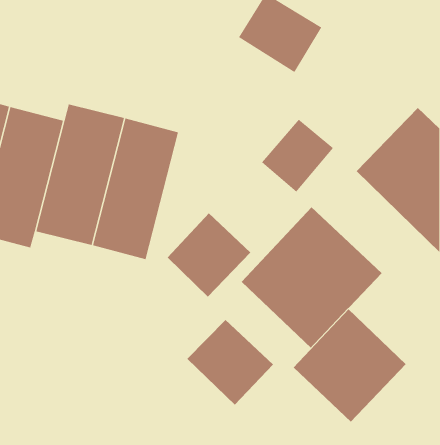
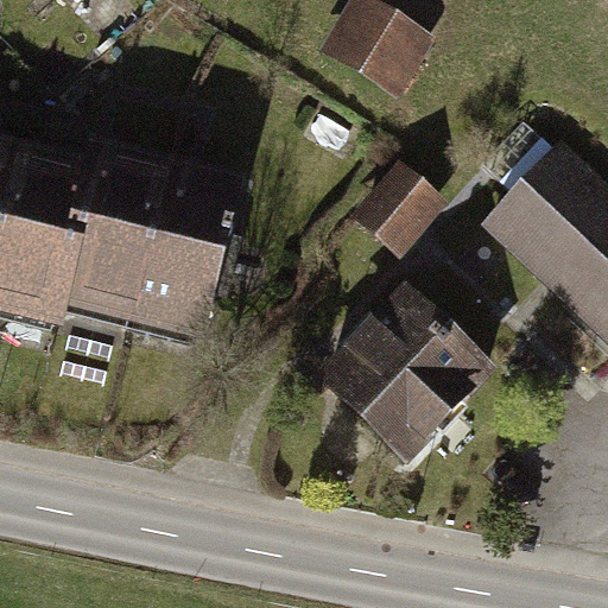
building: [167,213,251,298] -> none
building: [293,309,406,422] -> none
building: [187,319,274,405] -> none

